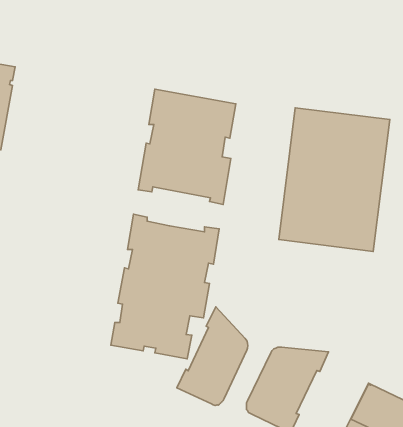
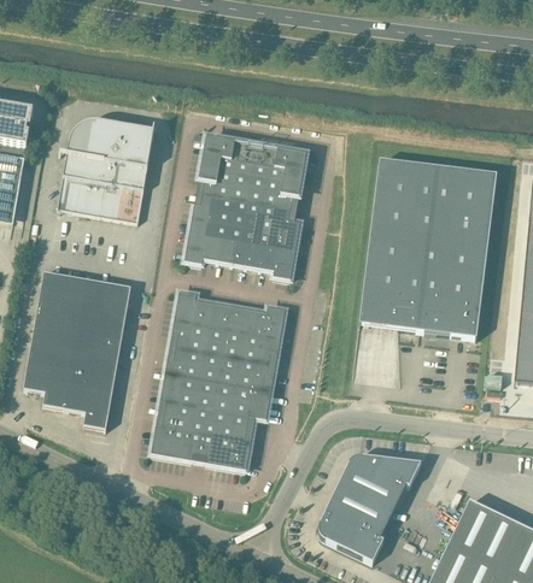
building: none -> [58,119,154,220]
building: none -> [24,270,131,428]
building: [177,307,248,406] -> none

